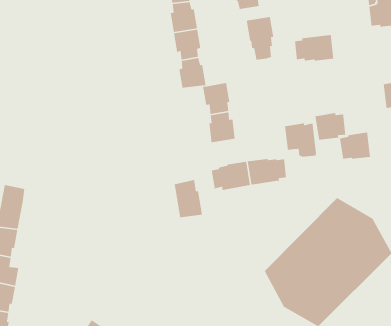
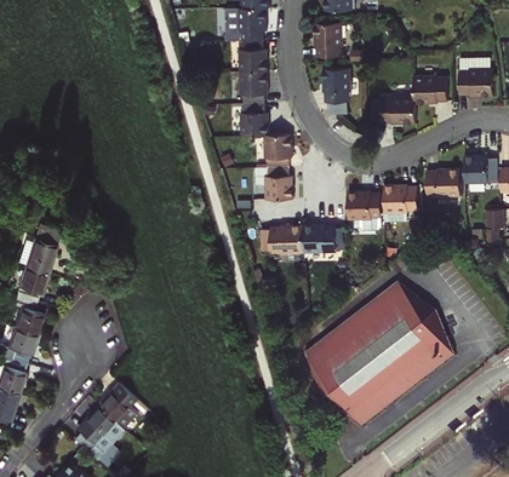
building: none -> [417,77,448,105]
building: [339,132,371,160] -> [430,169,463,199]
building: [174,179,203,218] -> none

